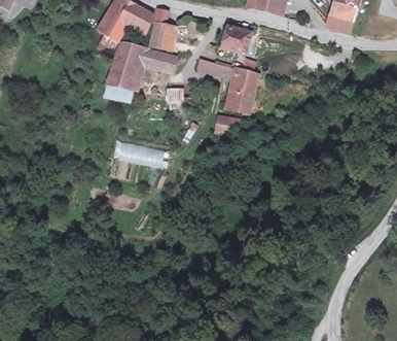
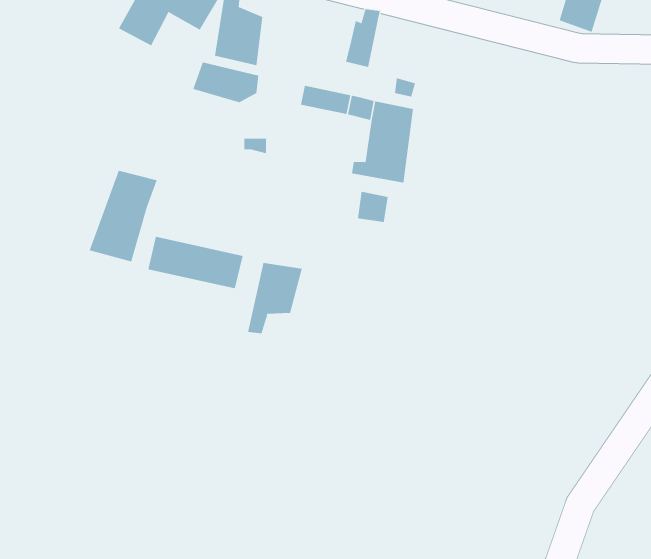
building: [231,22,250,55] -> none
building: [108,43,144,92] -> [89,170,157,262]
building: none -> [248,262,302,334]

